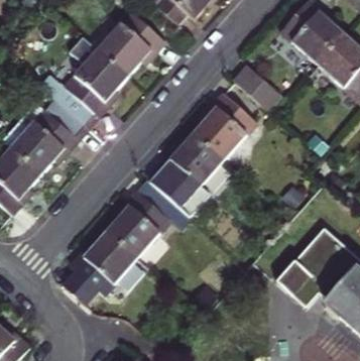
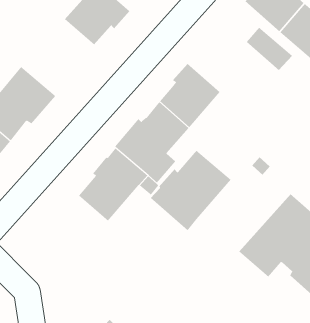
building: [40,36,127,126] -> none
building: [232,63,279,107] -> [246,27,293,71]
building: none -> [150,150,232,231]
building: [77,226,141,288] -> none

